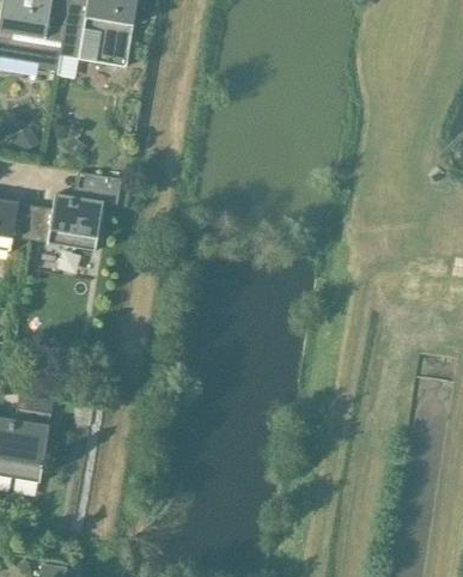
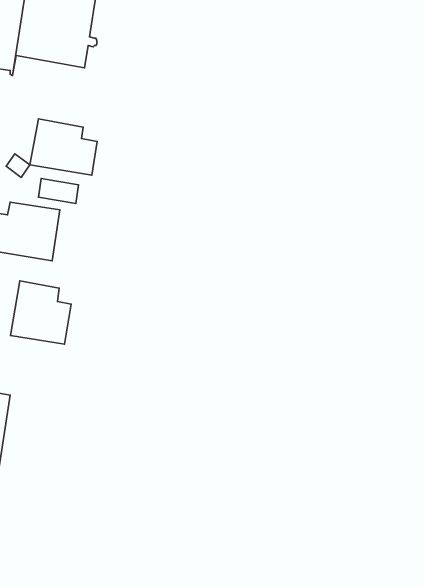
building: none -> [30,119,97,175]
building: none -> [10,281,71,344]

